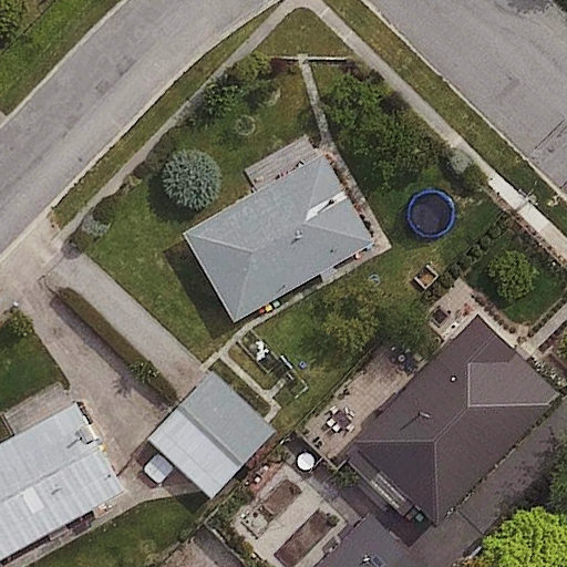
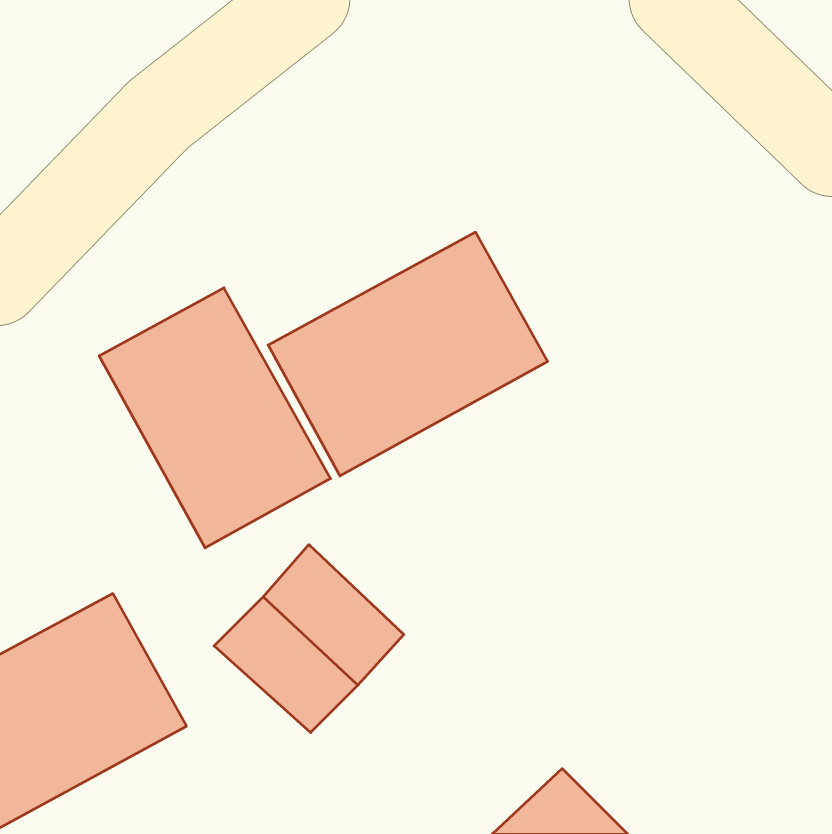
building: none -> [99,288,331,548]
building: [352,316,555,520] -> none

